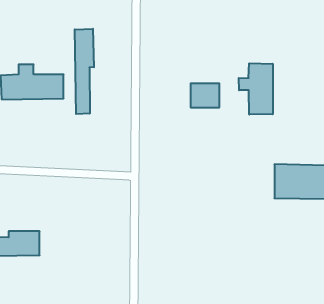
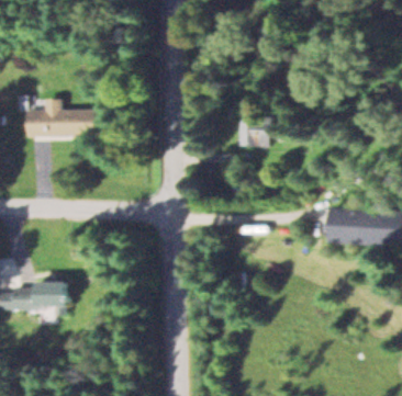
building: [75,29,94,114] -> none
building: [239,63,273,115] -> none

